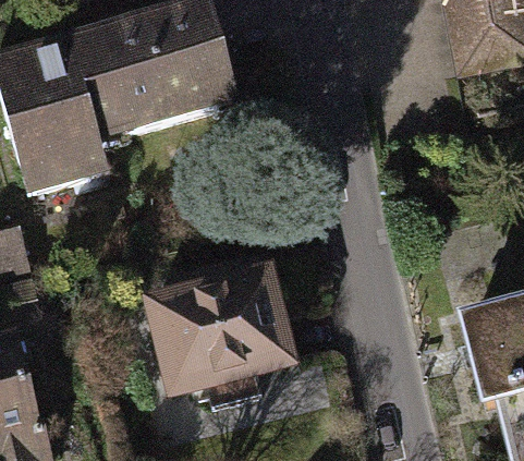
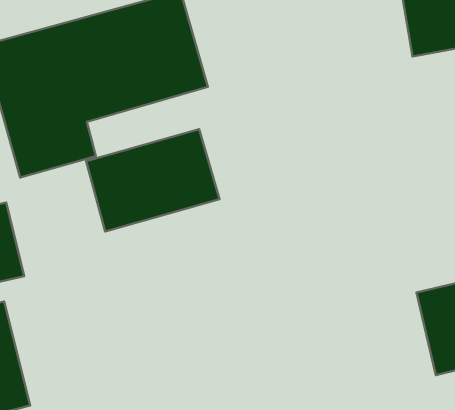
building: none -> [86,129,219,232]
building: [144,263,301,408] -> none

